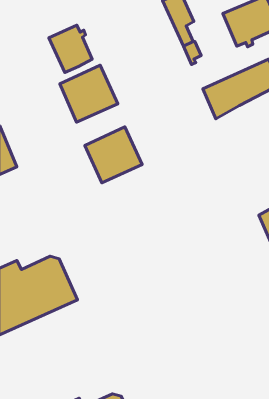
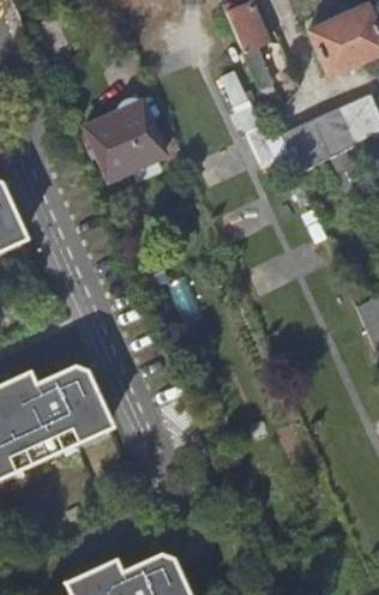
building: [49,25,92,72] -> none
building: [85,127,142,183] -> none

